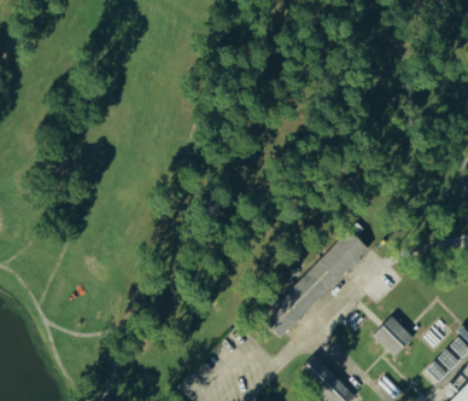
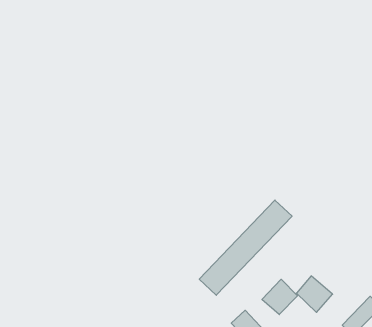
building: none -> [262,279,297,315]

